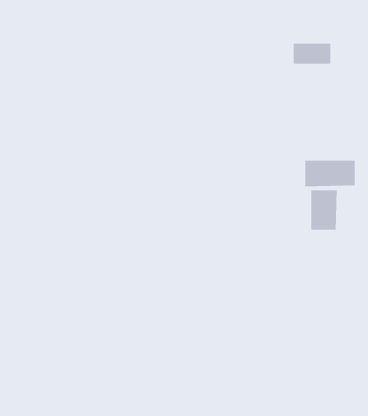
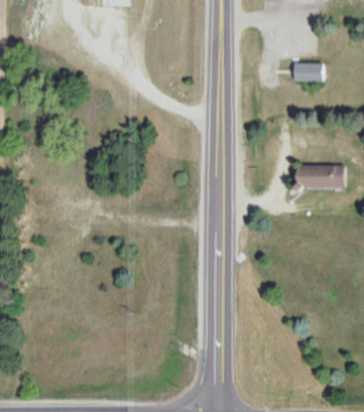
building: [311,189,337,231] -> none

